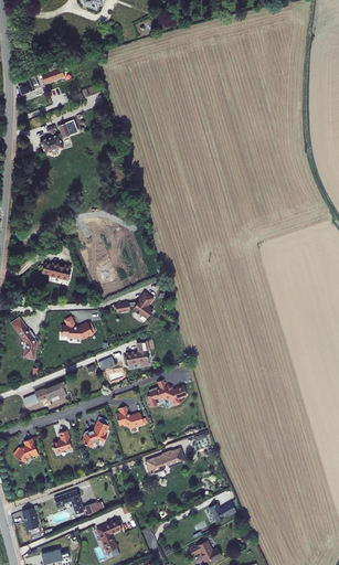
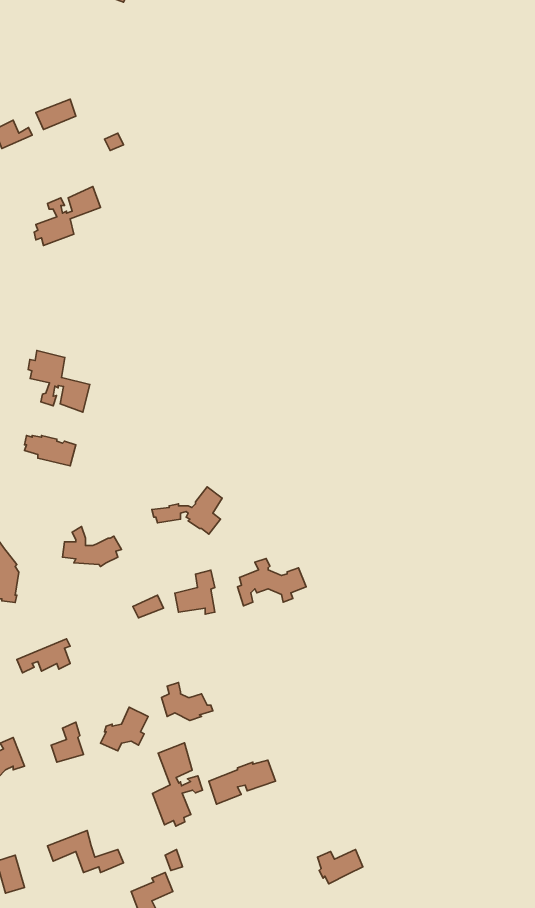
building: none -> [28,351,90,412]
building: [148,379,188,406] -> [238,558,306,606]
building: none -> [153,743,203,826]

